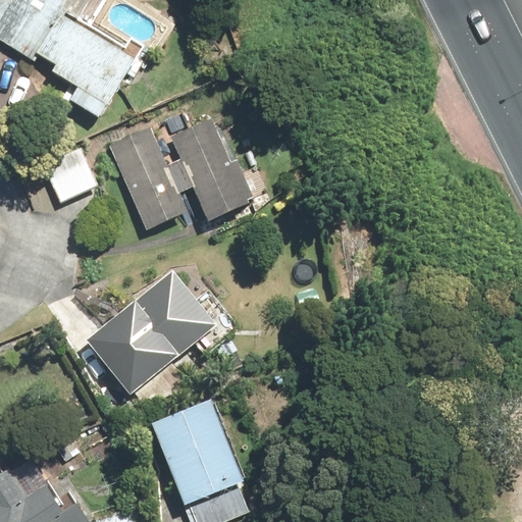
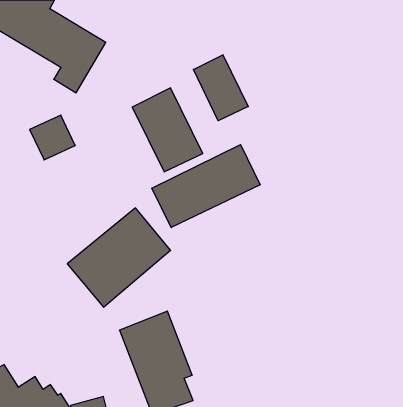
building: none -> [193,55,248,121]
building: [105,126,188,230] -> none
building: none -> [152,145,260,228]

